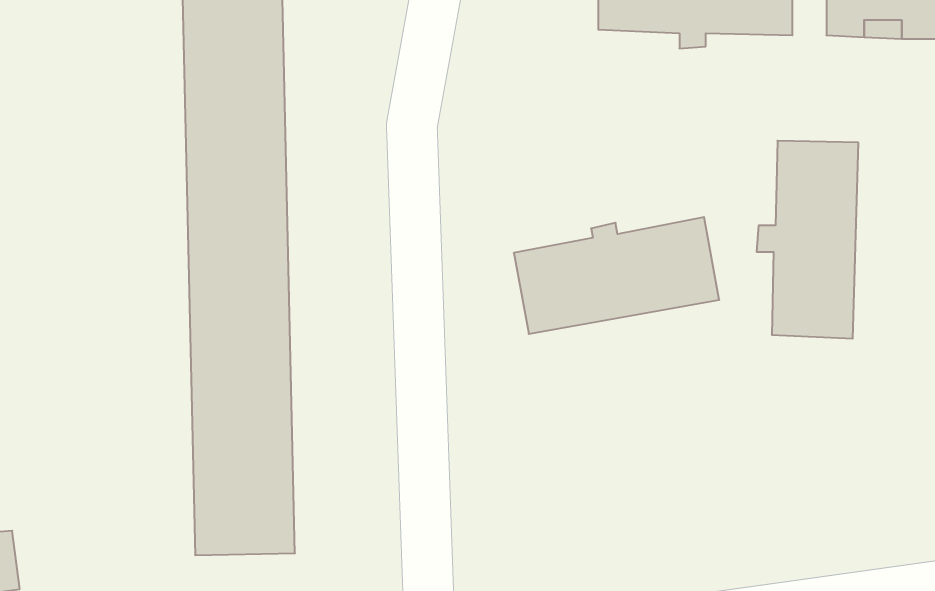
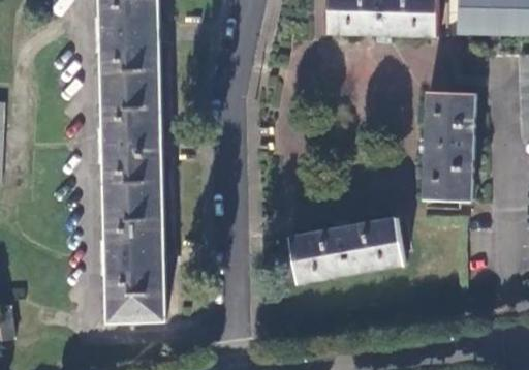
building: [514,217,719,334] -> [290,220,403,284]

